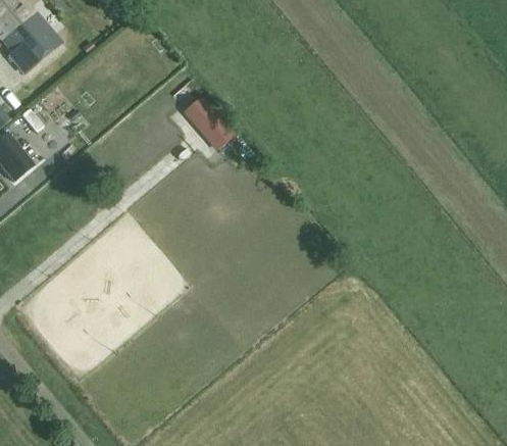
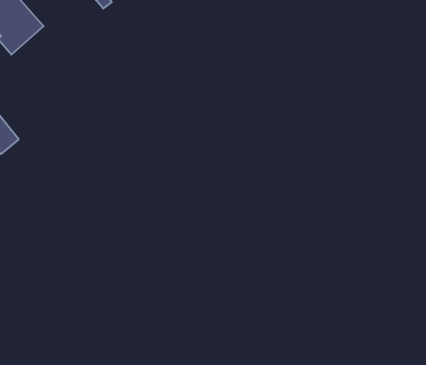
building: [183,95,236,150] -> none

